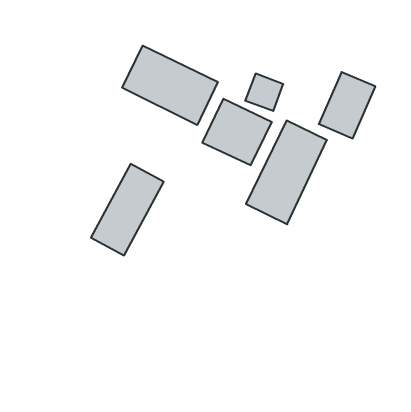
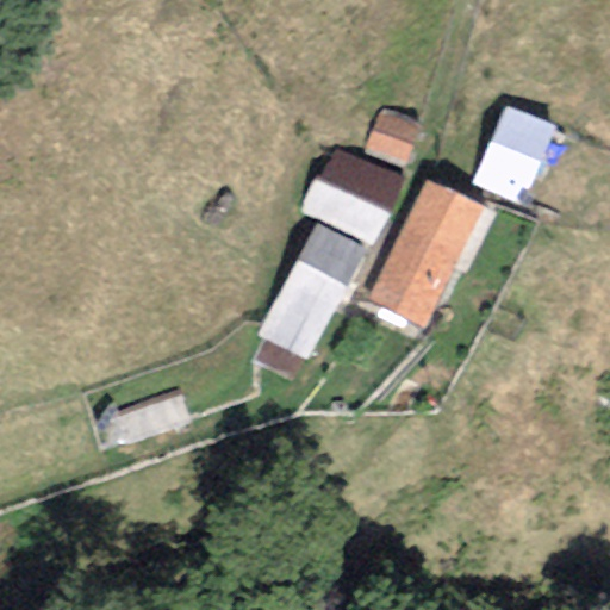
building: [122,46,218,125] -> none
building: [91,164,164,255] -> [260,224,367,359]

